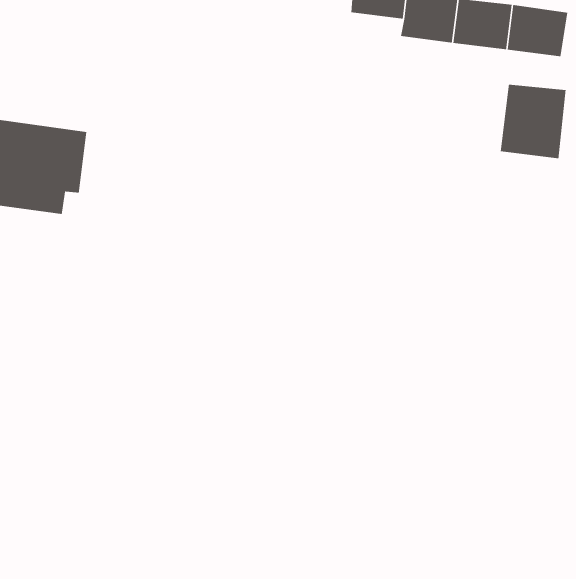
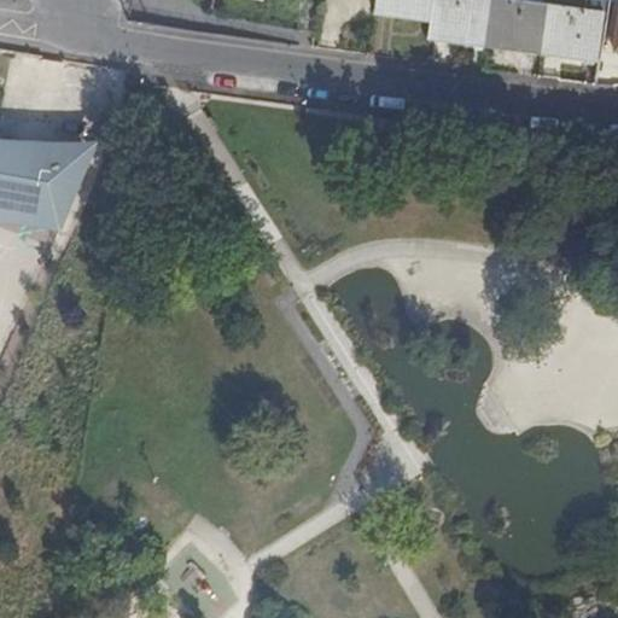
building: [500,84,566,159] -> none

